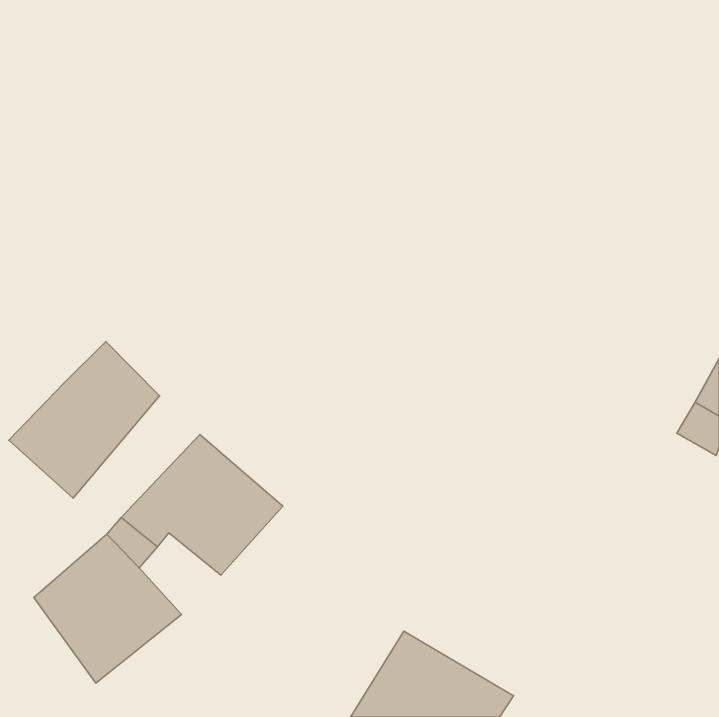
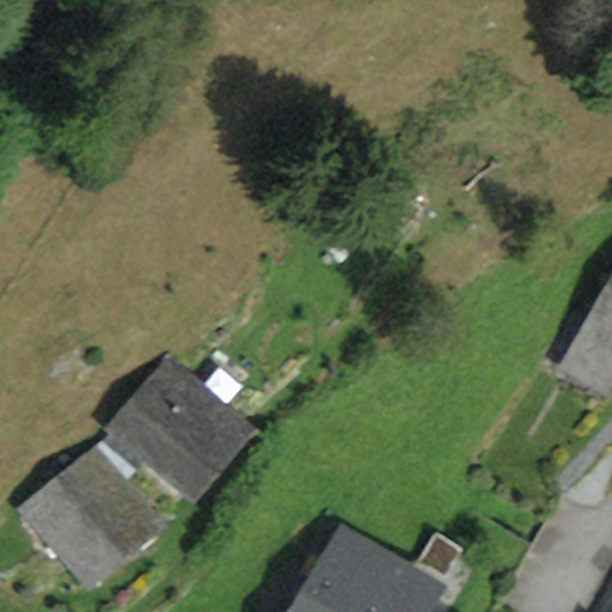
building: [9,342,159,498] -> none

